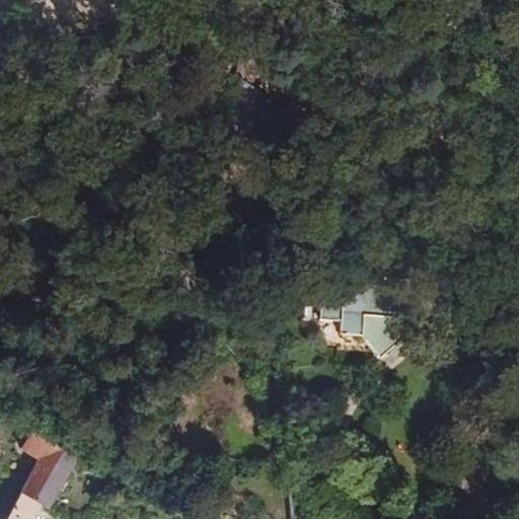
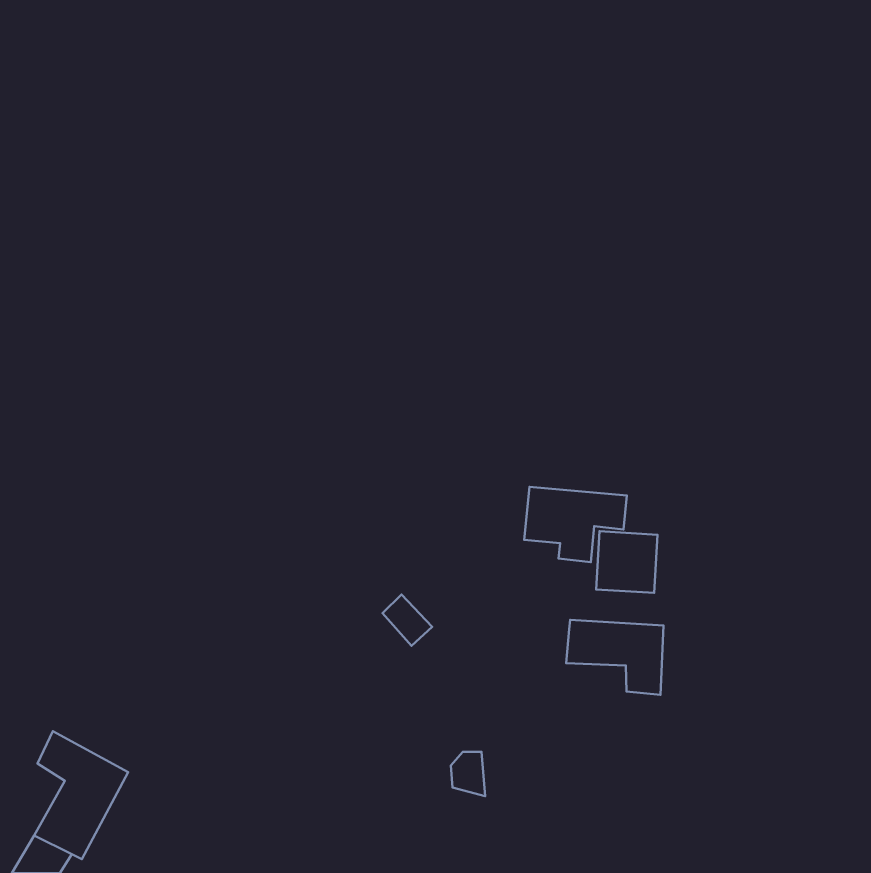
building: none -> [566,620,663,695]

